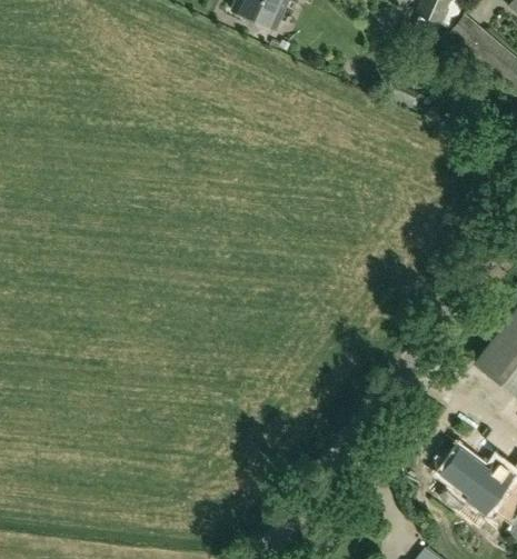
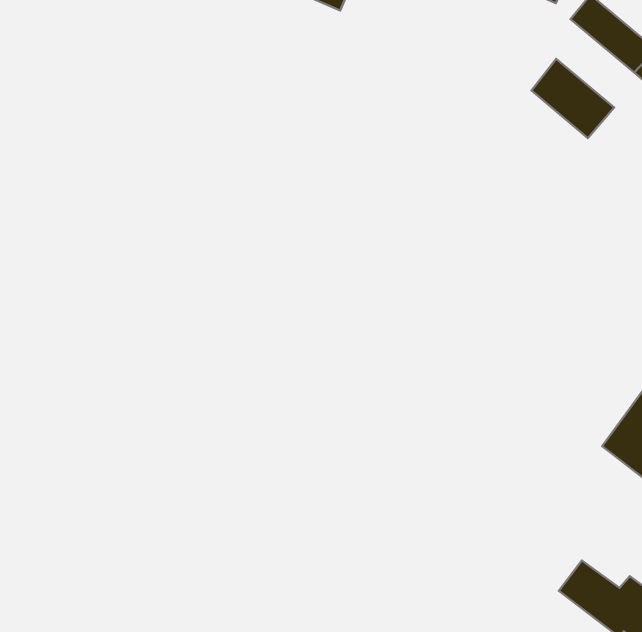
building: none -> [531,59,614,138]

